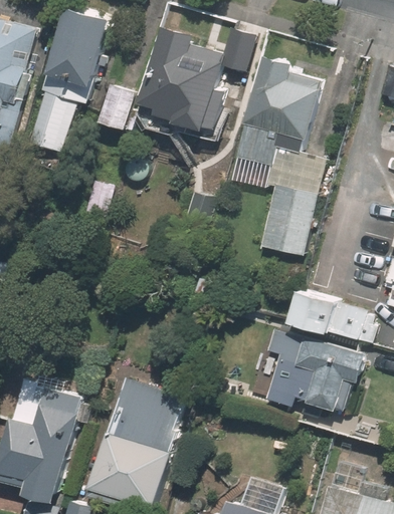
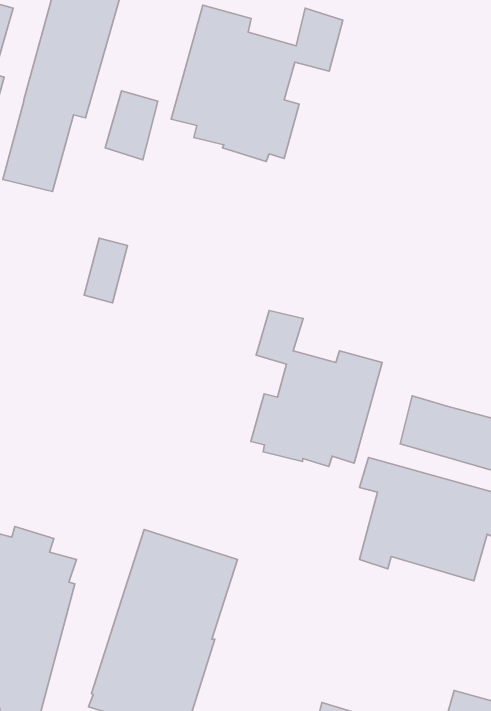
building: [232,57,324,255] -> none
building: none -> [251,310,382,466]

